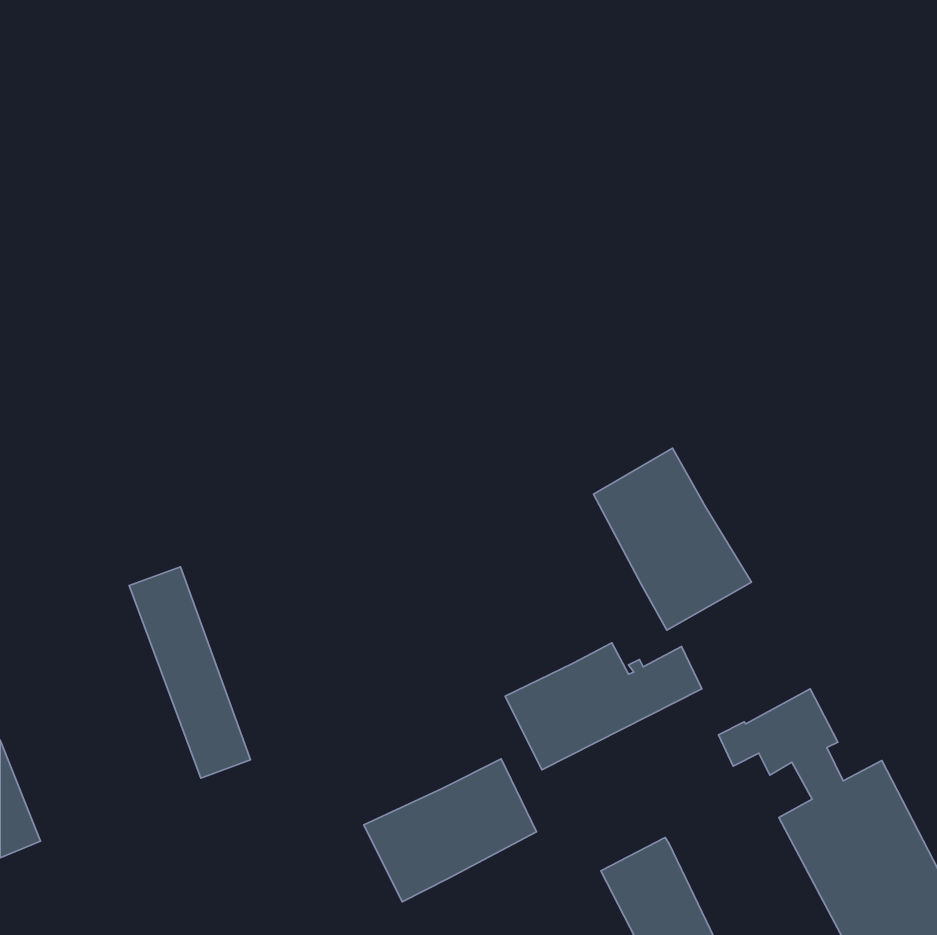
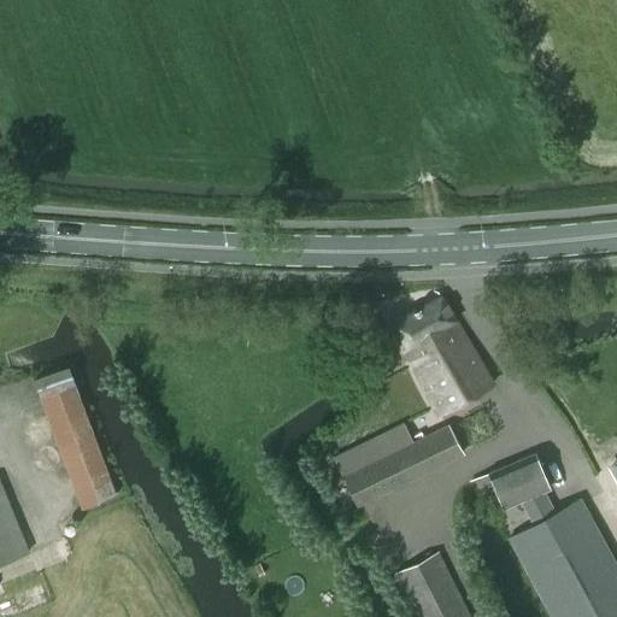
building: [129,567,250,778] -> [35,370,114,509]
building: [364,759,536,902] -> none

